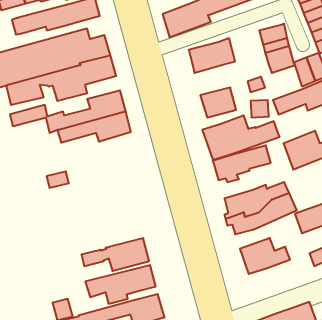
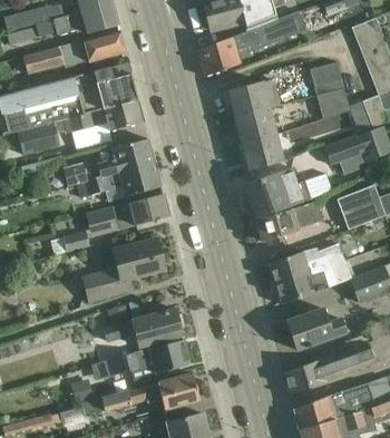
building: none -> [234,108,275,144]
building: none -> [86,194,168,230]
building: none -> [84,239,164,300]
building: none -> [284,343,374,395]

